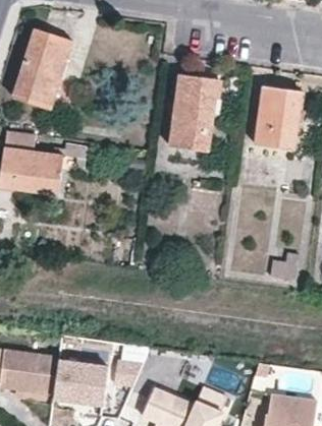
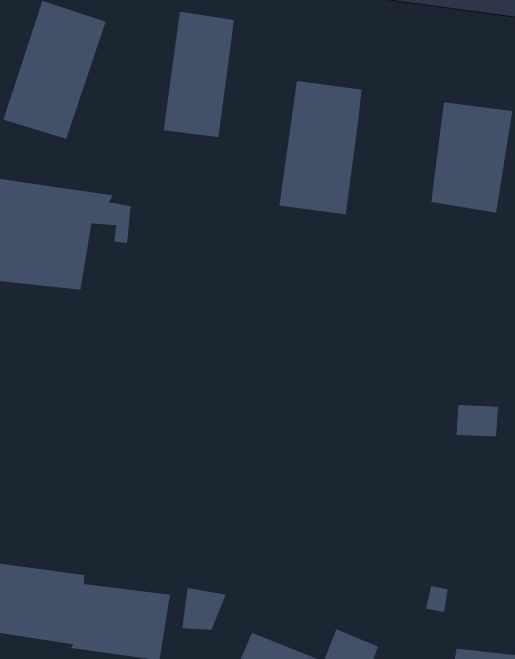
building: none -> [163,11,234,138]

